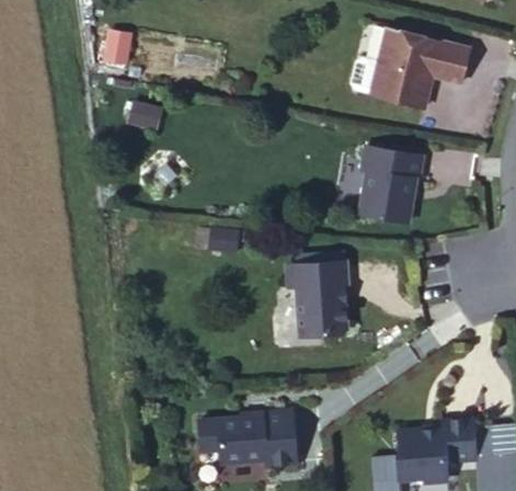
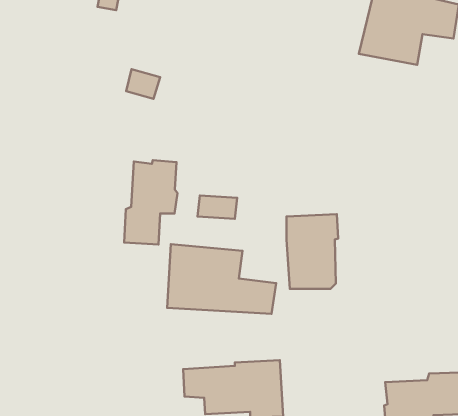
building: [360,149,424,225] -> none
building: none -> [124,160,178,245]
building: none -> [167,244,276,314]

